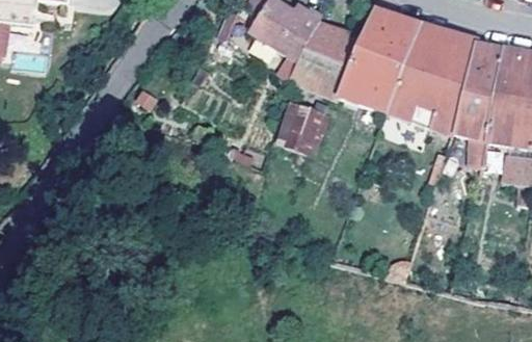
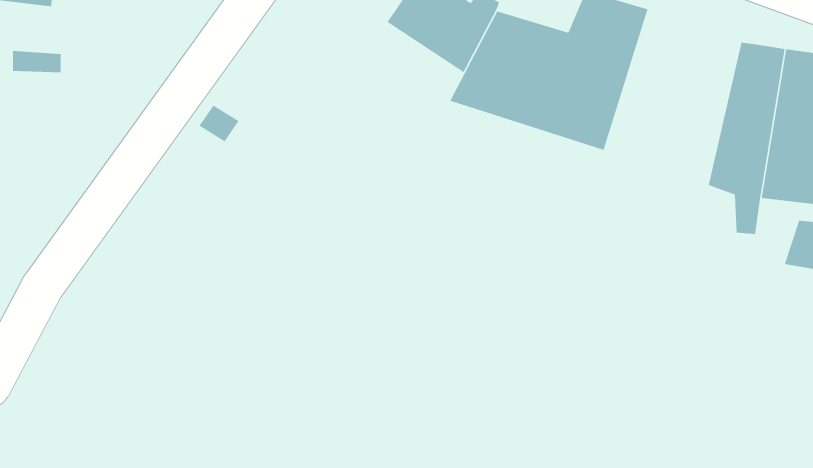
building: [388,25,475,136] -> none
building: [277,105,328,158] -> none

